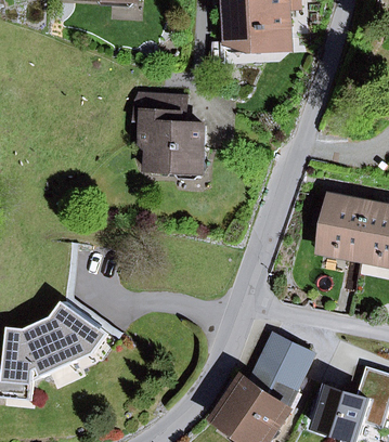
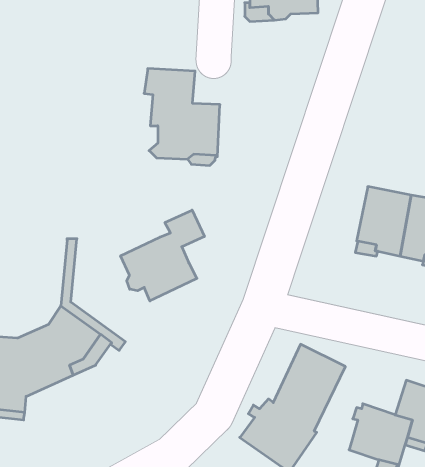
building: none -> [121,210,204,301]

